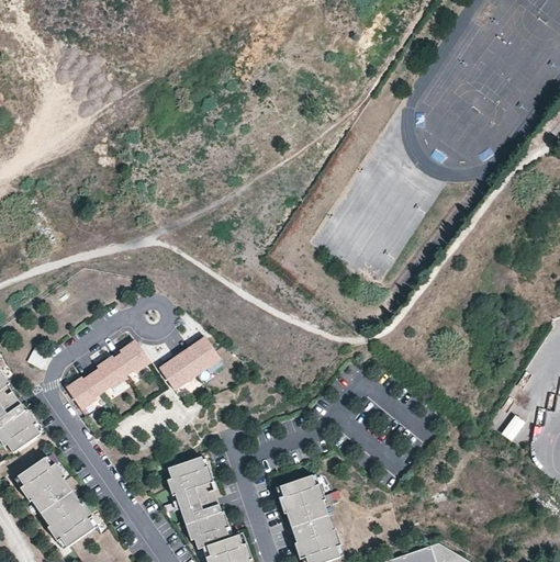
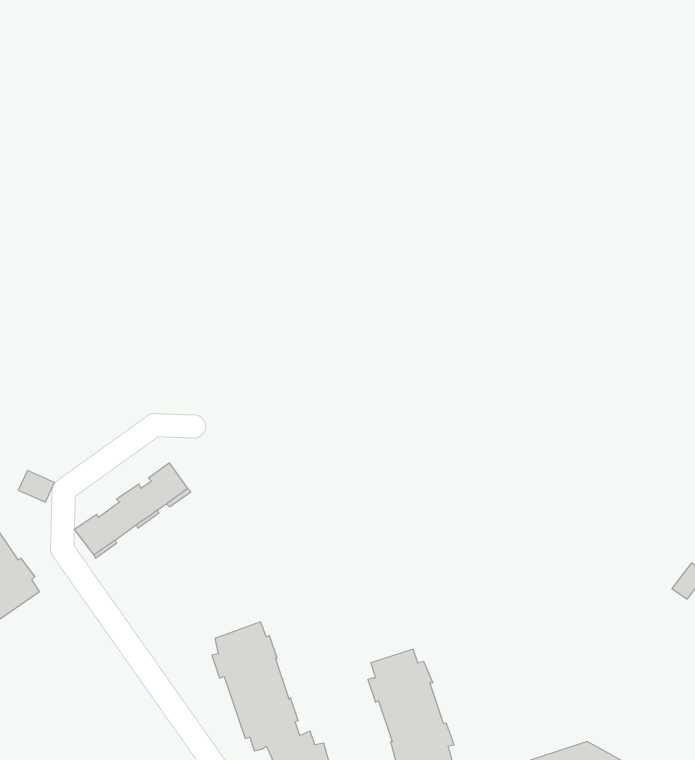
building: [159,337,220,390] -> none
building: [16,456,93,548] -> none

